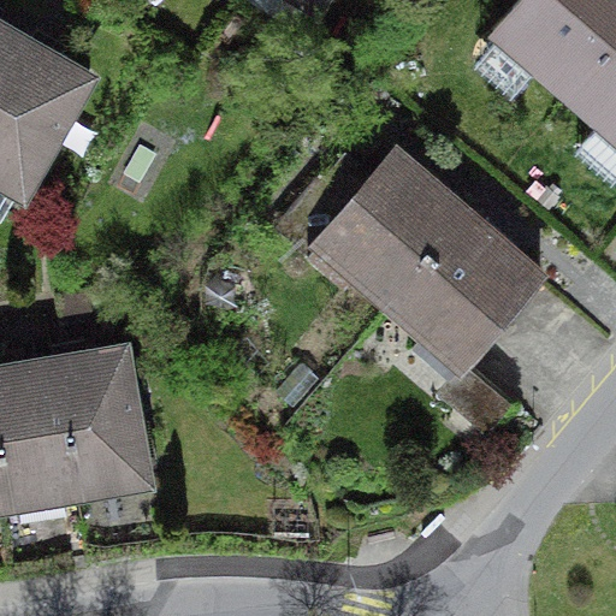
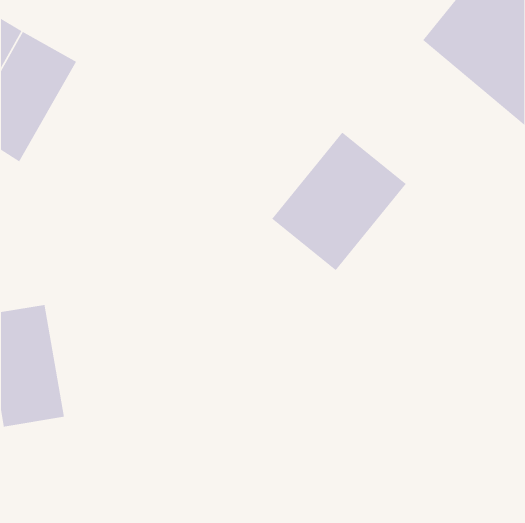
building: [393,215,558,383] -> none
building: [53,344,146,488] -> none

